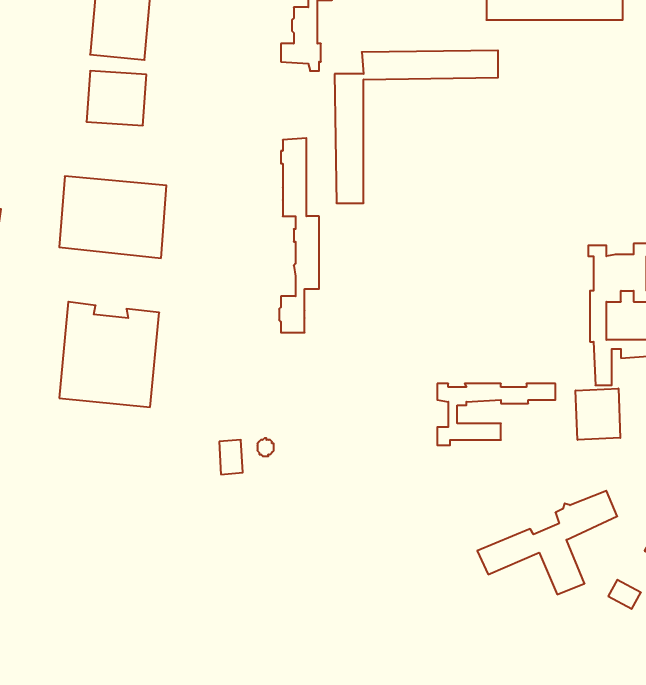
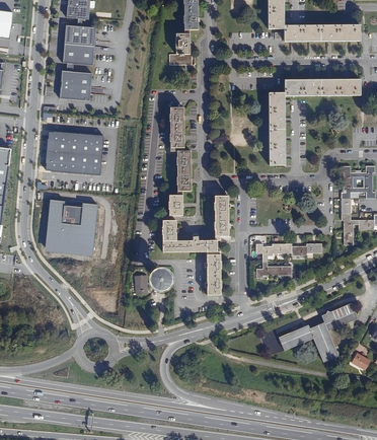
building: [335,50,498,203] -> [269,79,360,164]
building: none -> [162,196,229,294]
building: [576,388,620,440] -> none

